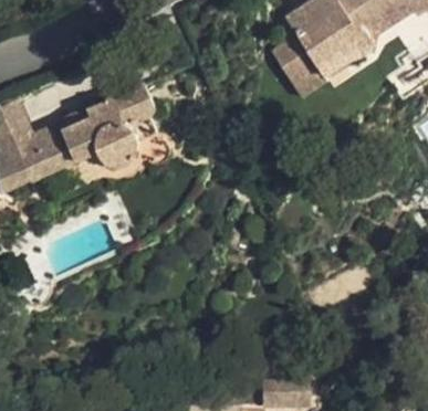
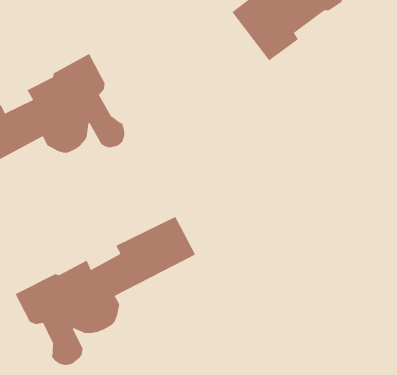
building: none -> [15,216,196,366]

